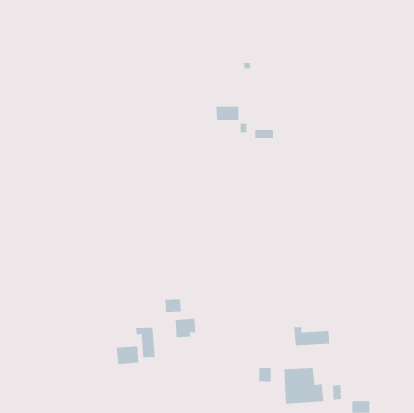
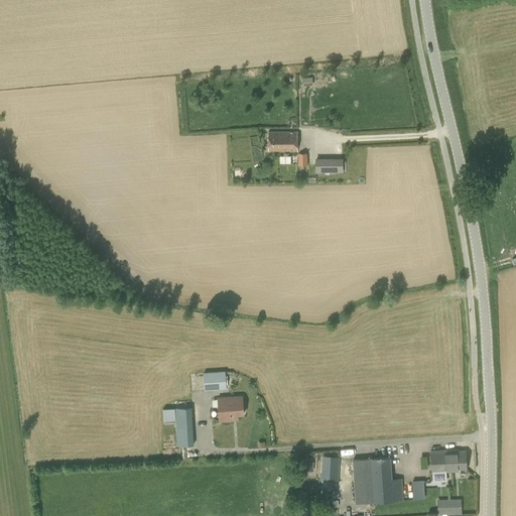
building: [294,326,330,346] -> none
building: [116,345,139,365] -> none
building: none -> [430,452,467,473]

